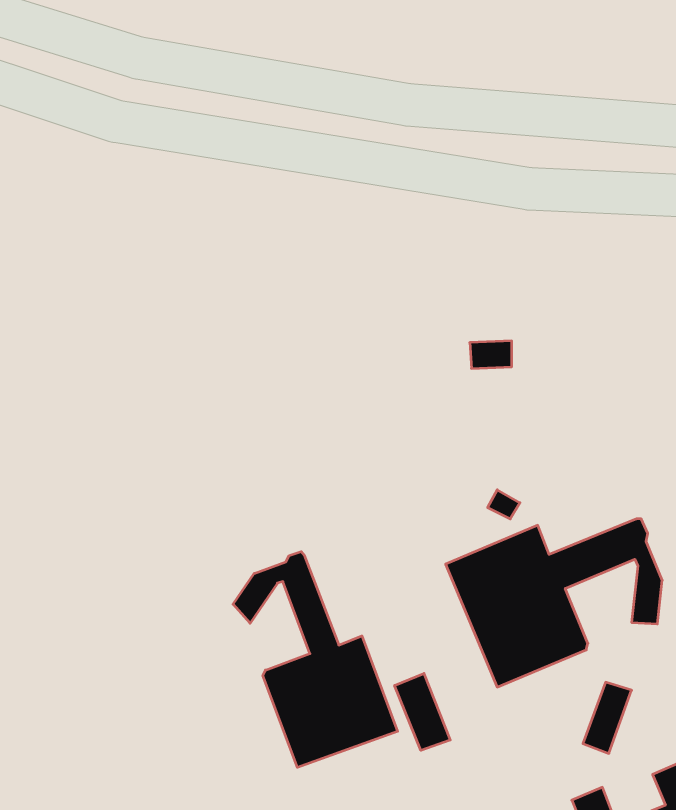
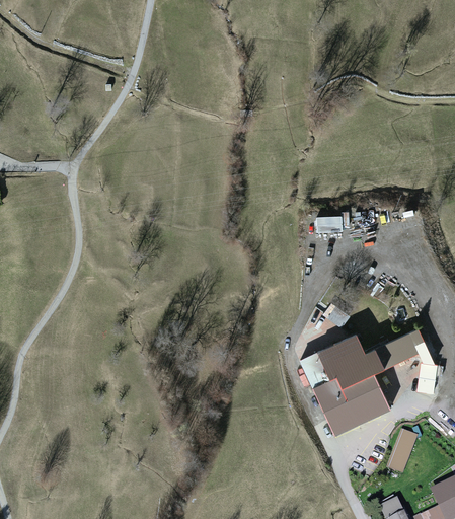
building: [233,552,398,767] -> none
building: [395,673,450,750] -> none

